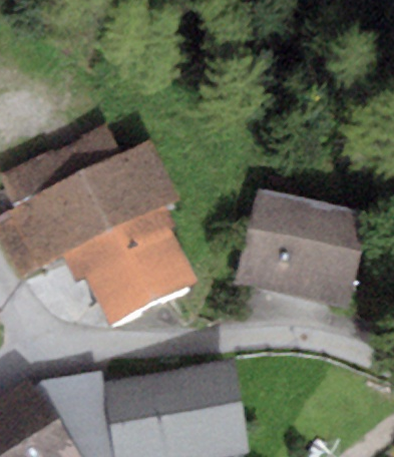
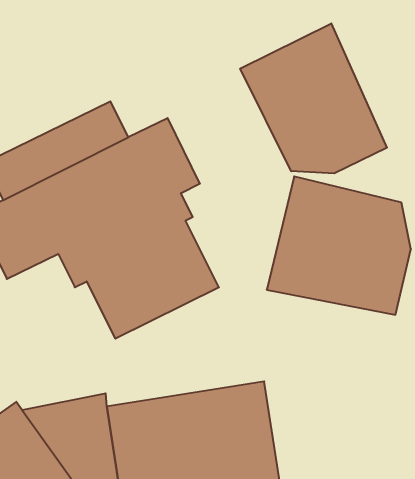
building: none -> [240,23,387,173]

